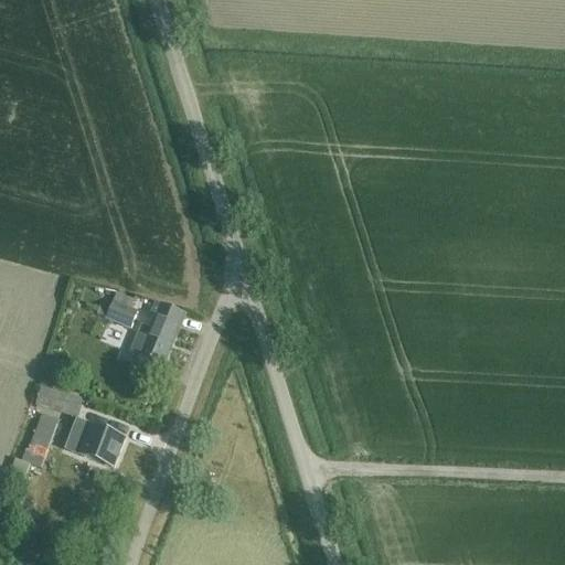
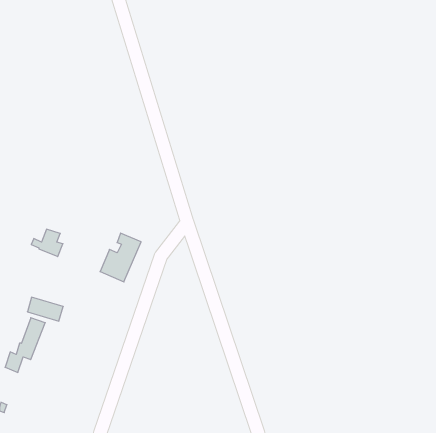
building: [96,290,137,326] -> [31,229,63,257]
building: [68,422,122,465] -> none

